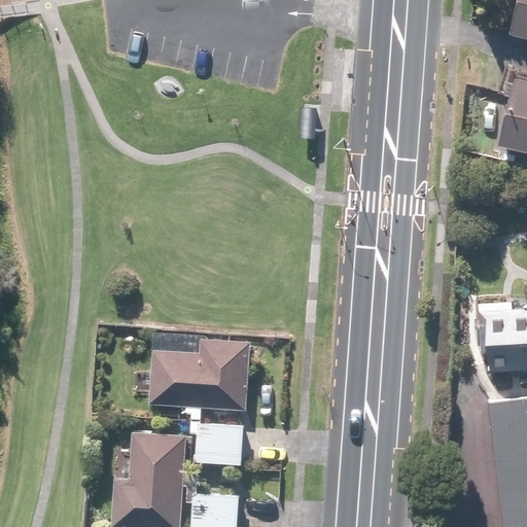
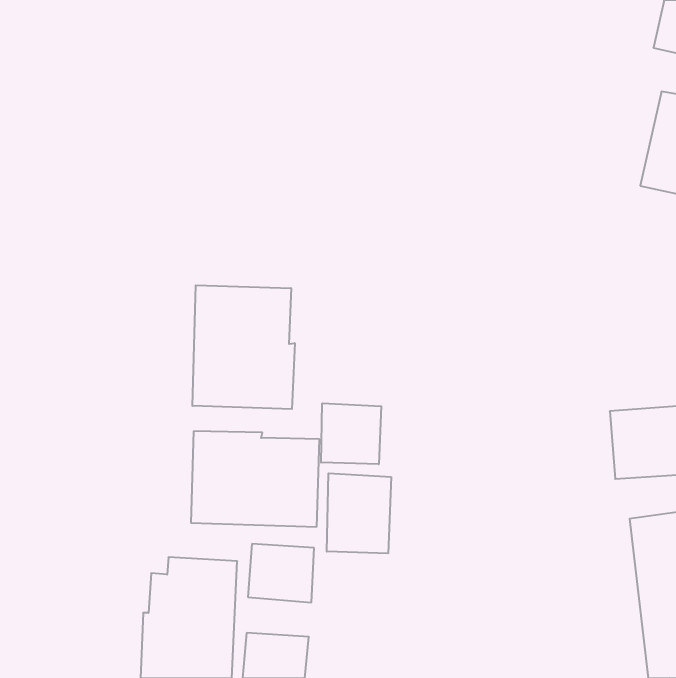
building: none -> [192,285,295,409]
building: none -> [321,403,381,464]
building: none -> [327,473,391,553]

